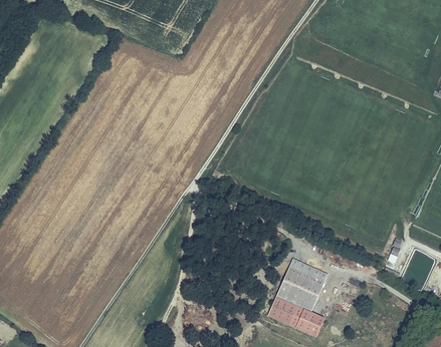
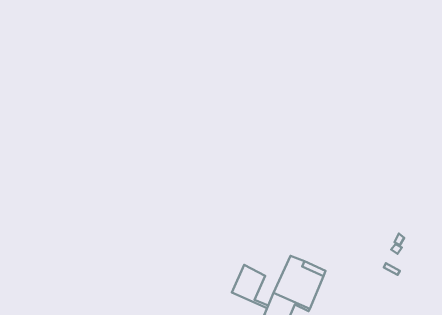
building: none -> [232,265,268,308]

